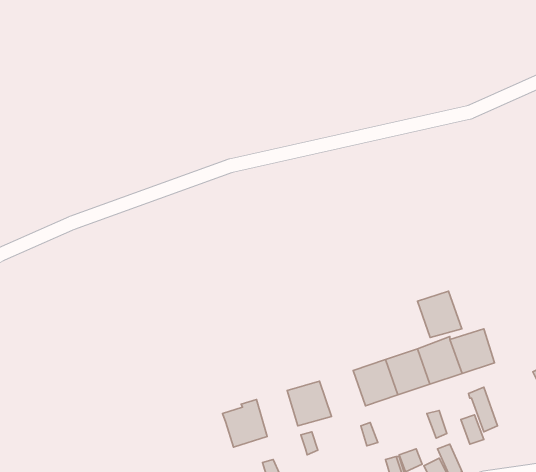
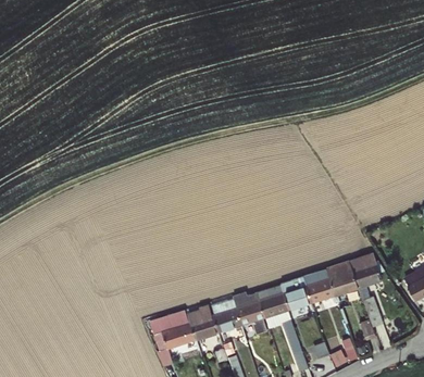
building: [418,291,462,338] -> none
building: none -> [257,285,289,317]
building: none -> [212,299,241,331]
building: none -> [154,317,196,350]

